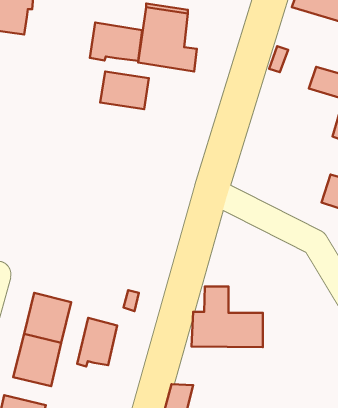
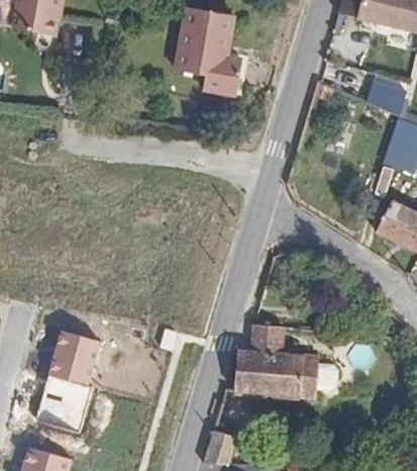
building: [90,22,142,61] -> none
building: [100,72,149,109] -> none
building: [77,318,117,367] -> none

